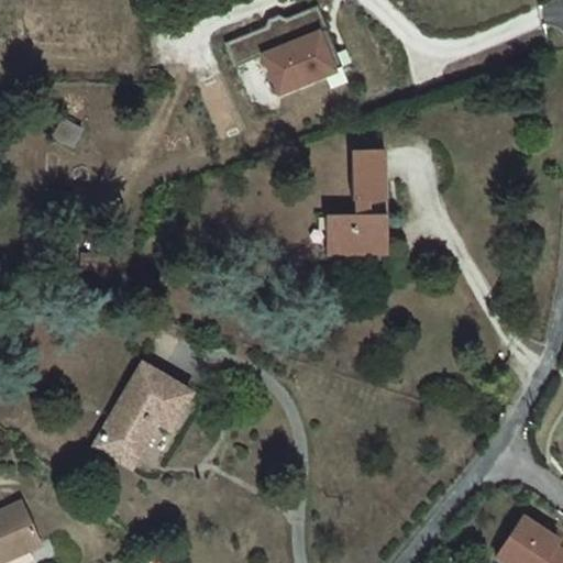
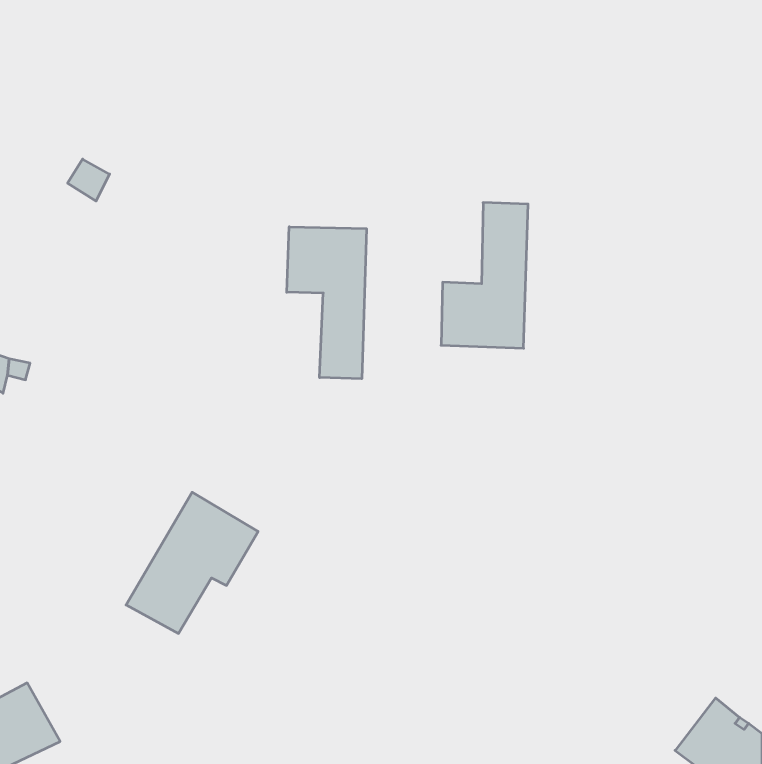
building: [225,9,340,96] -> none
building: none -> [287,227,366,379]

